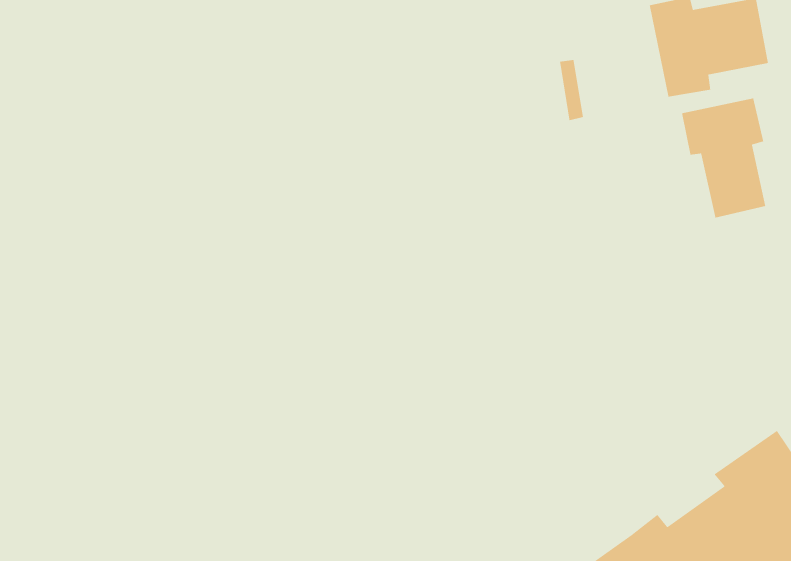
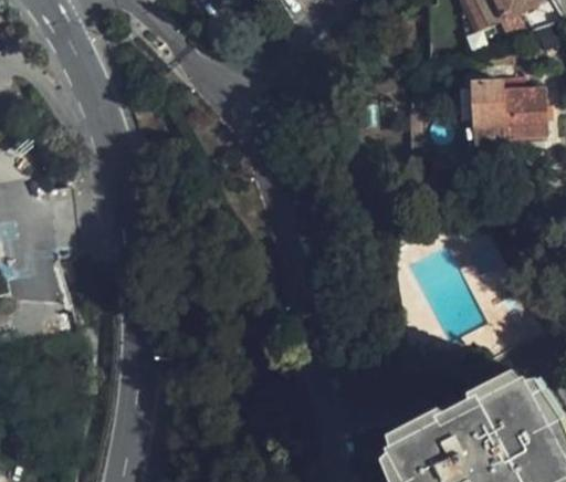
building: [681,98,766,219] -> none

